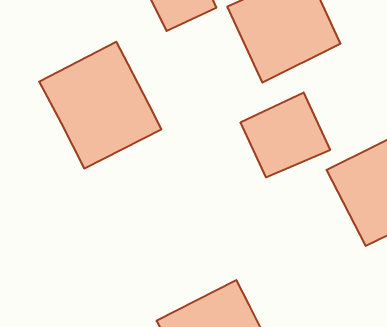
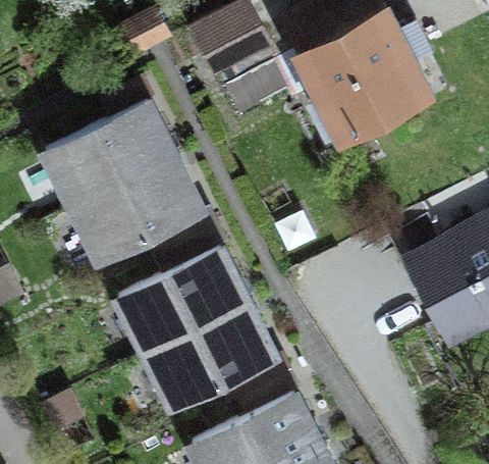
building: [241,92,330,177] -> none
building: none -> [126,248,275,405]

